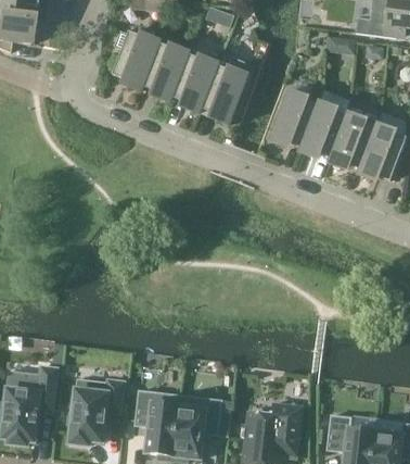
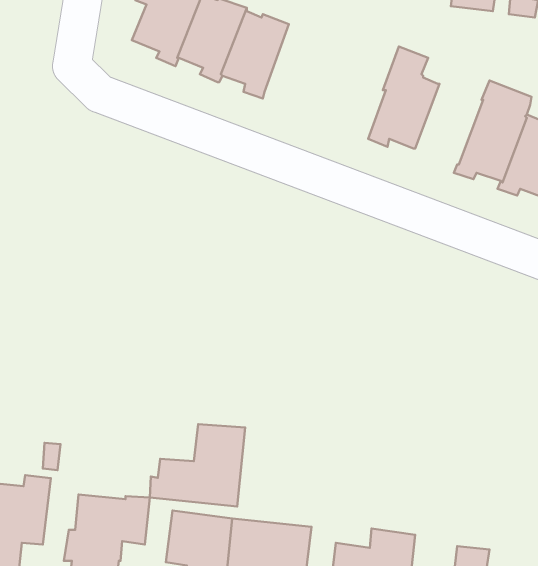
building: [202,55,255,124] -> none
building: [300,100,348,156] -> none
building: none -> [150,424,245,507]

